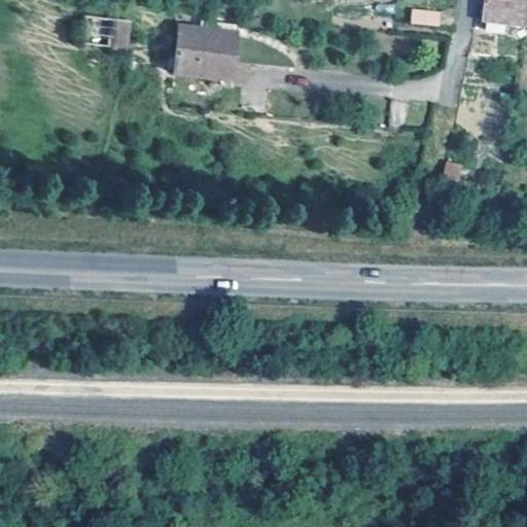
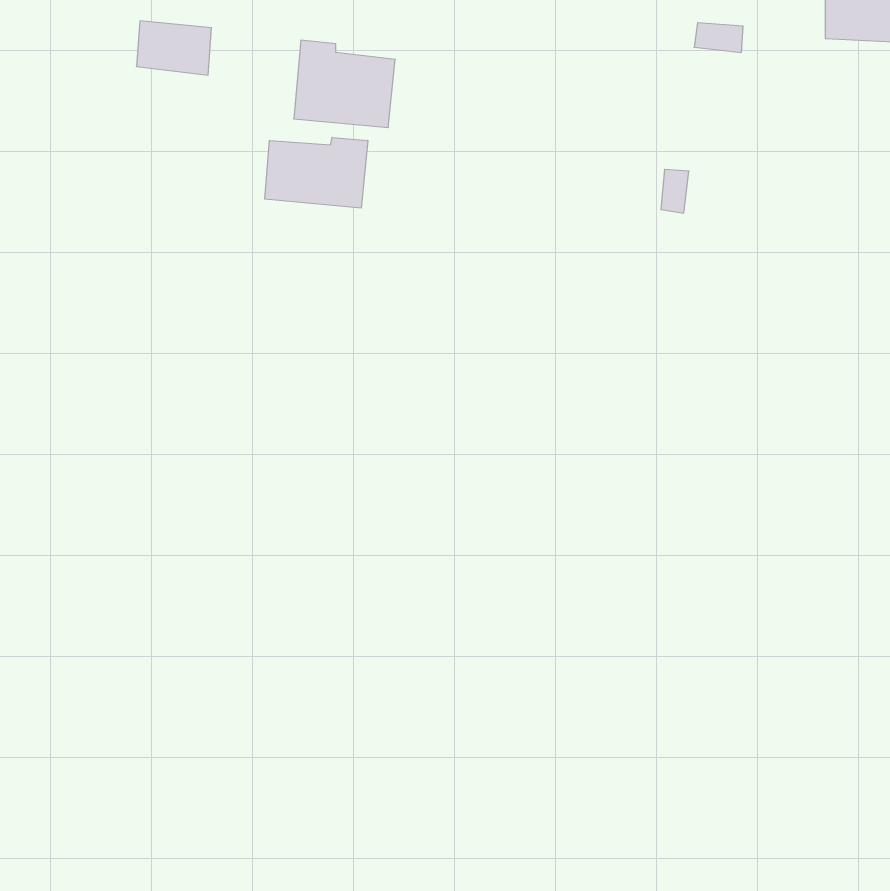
building: none -> [265,137,368,208]

